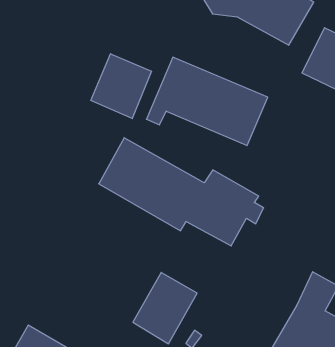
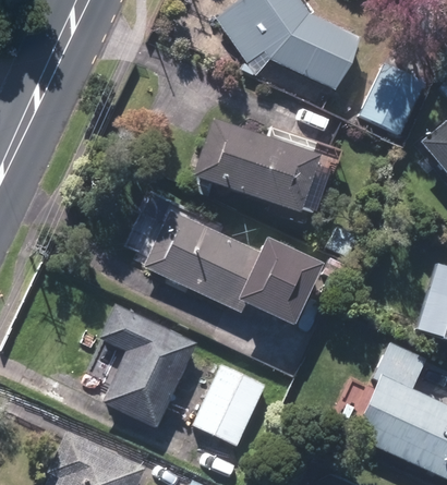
building: [91,54,152,119] -> none
building: none -> [100,303,196,425]

